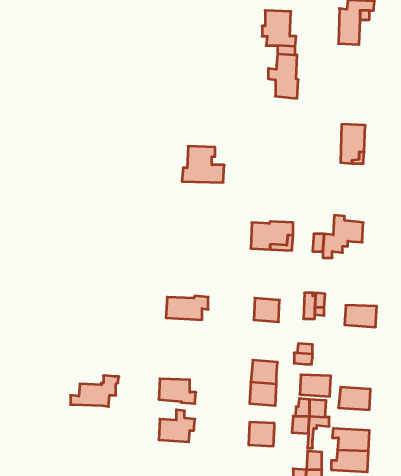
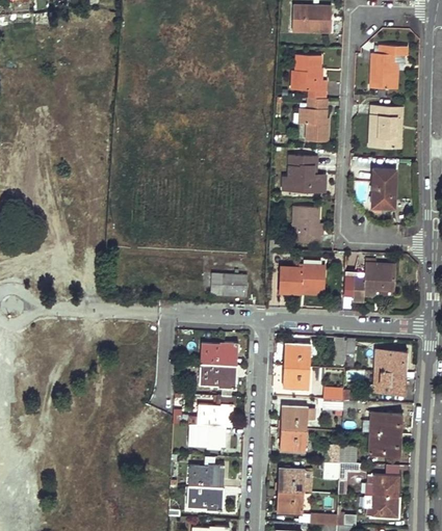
building: none -> [368,105,400,148]
building: [182,146,224,182] -> [282,156,324,192]
building: none -> [296,207,319,243]
building: none -> [212,271,248,295]
building: none -> [194,363,236,389]
building: none -> [283,365,309,389]
building: none -> [374,370,407,393]
building: [300,375,331,396] -> [371,413,402,434]
building: [70,376,119,407] -> [187,395,236,426]
building: none -> [187,485,223,510]
building: none -> [277,490,304,513]

